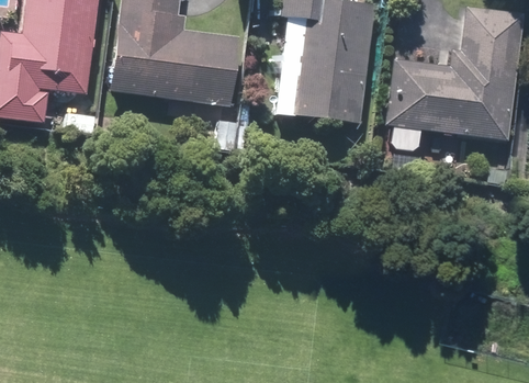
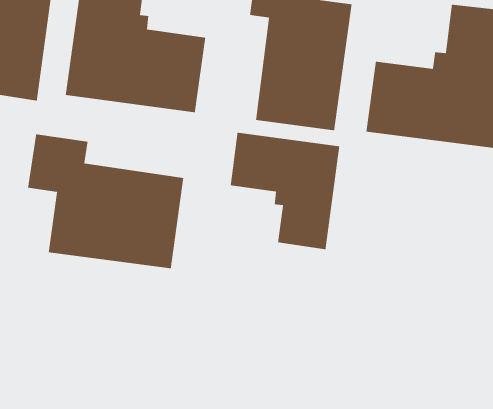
building: none -> [230,132,340,250]
building: none -> [27,133,184,269]

